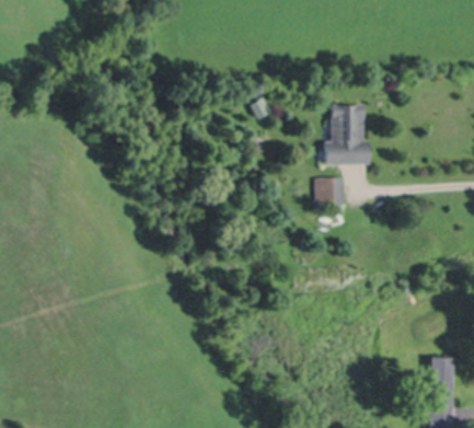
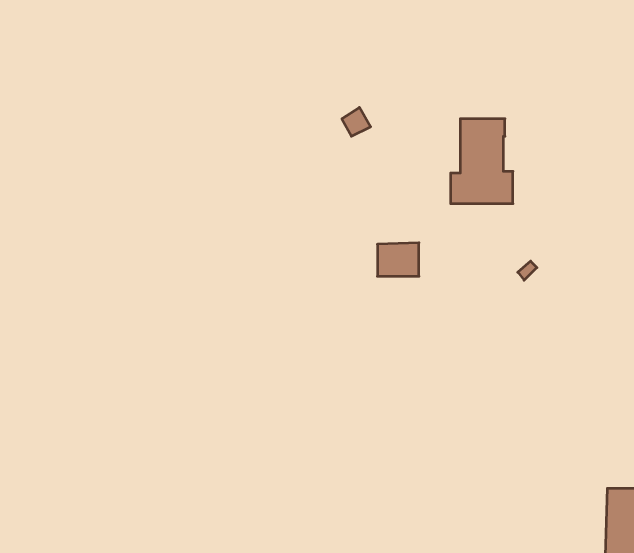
building: [314,180,343,203] -> [377,243,419,276]

